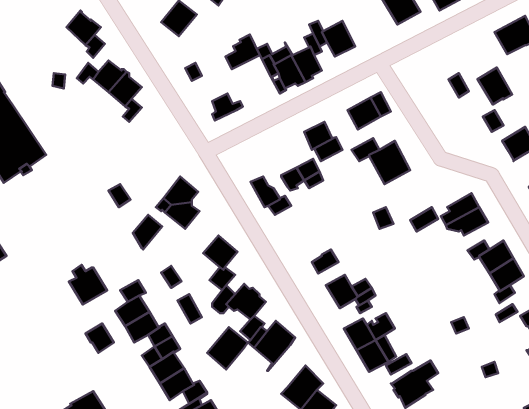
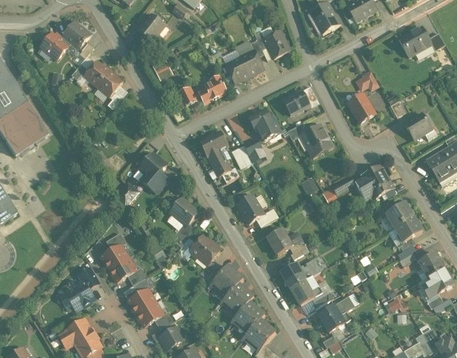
building: none -> [41,32,67,59]
building: [225,35,260,69] -> [199,75,226,102]
building: [478,68,512,105] -> [347,93,374,122]
building: none -> [200,130,227,155]
building: none -> [237,194,263,222]
building: [69,265,107,305] -> [64,279,94,310]
building: [207,327,248,369] -> [221,283,253,316]

